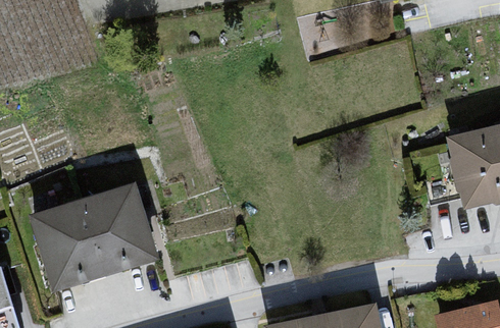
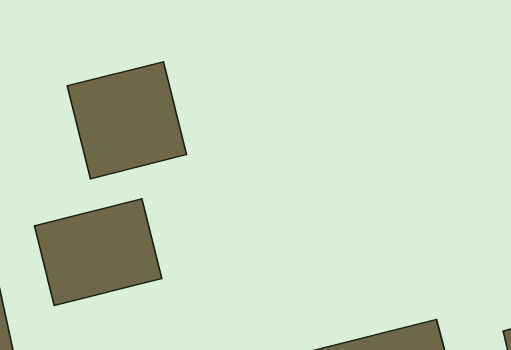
building: none -> [67,62,187,179]

